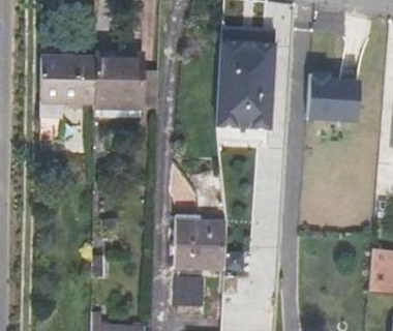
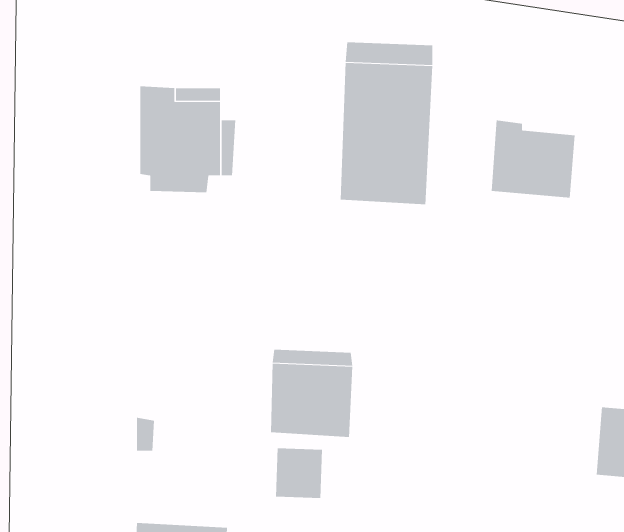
building: [39,57,94,136] -> none

